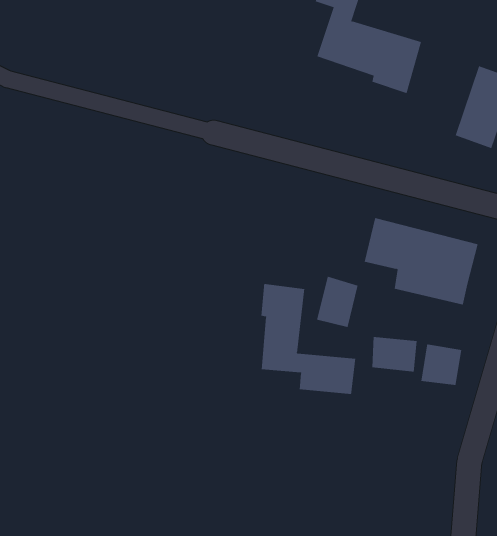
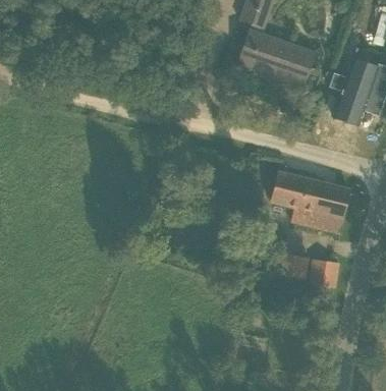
building: [317,276,358,328] -> none
building: [261,283,356,395] -> none

